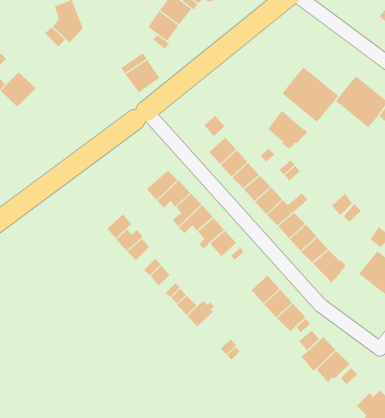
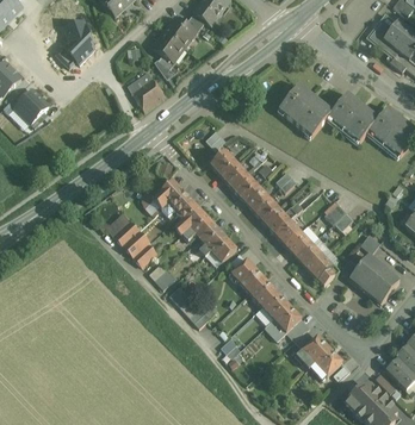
building: [268,110,308,150] -> none
building: none -> [228,258,264,292]

